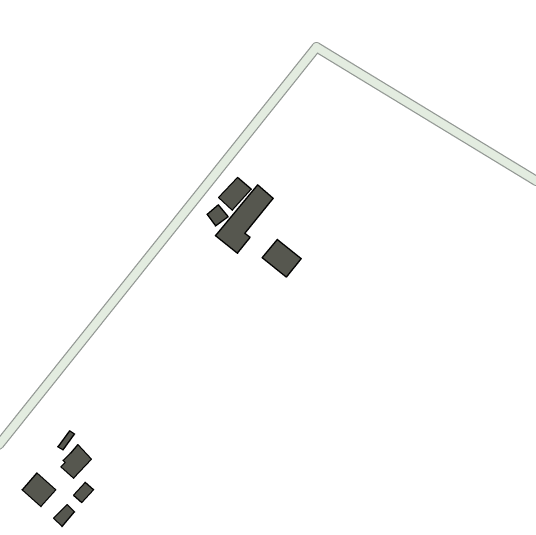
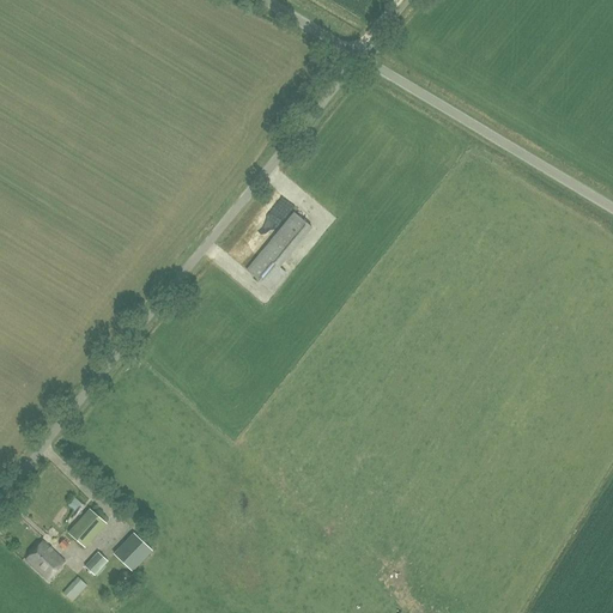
building: [262,239,301,277] -> none
building: none -> [113,530,151,569]

